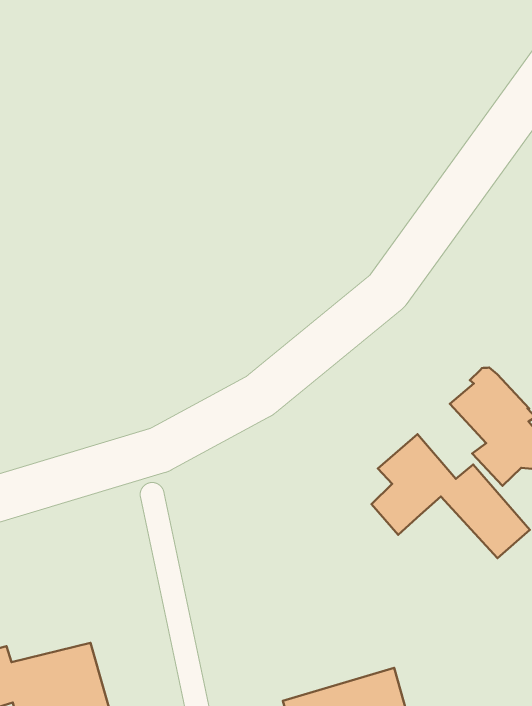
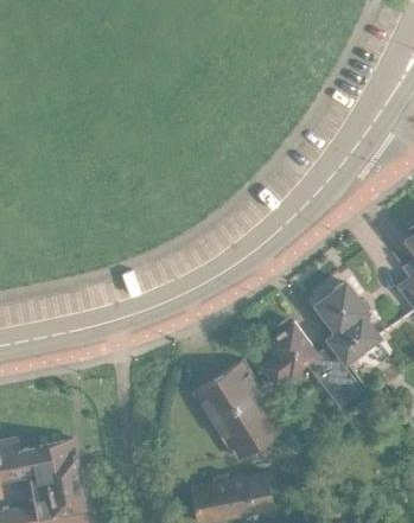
building: none -> [193,361,284,458]

